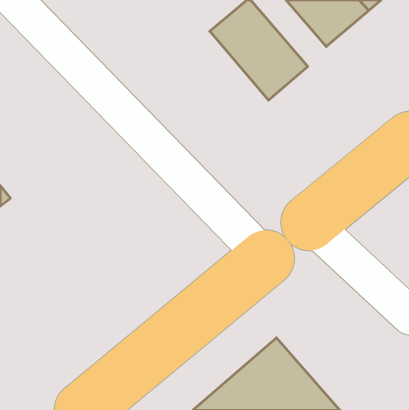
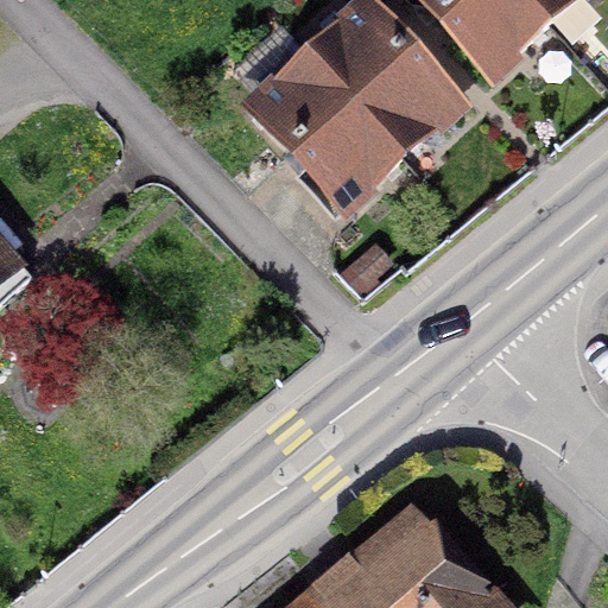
building: none -> [254,46,399,197]

